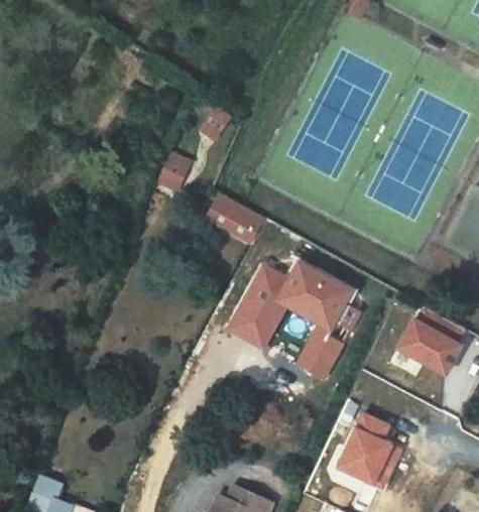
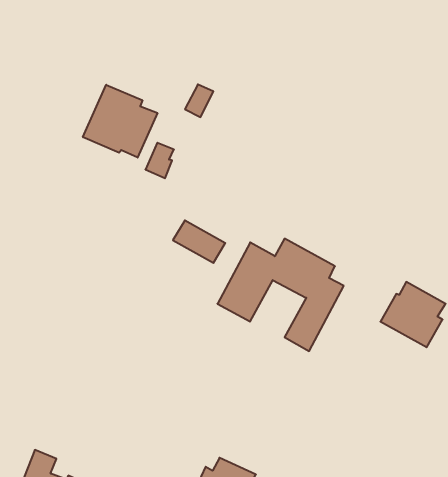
building: none -> [83,85,157,158]
building: [206,193,259,236] -> [173,220,225,263]
building: [336,412,397,486] -> none

